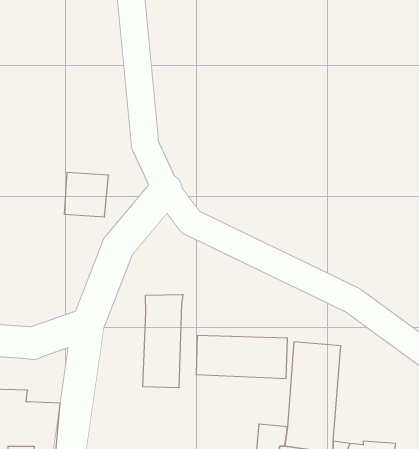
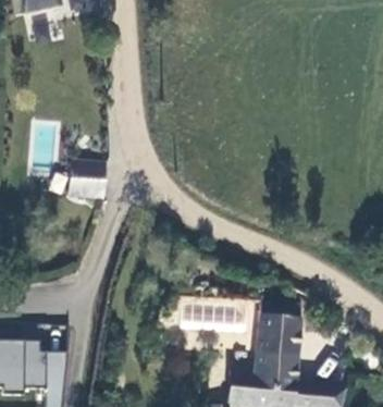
building: [143,294,183,388] -> none

